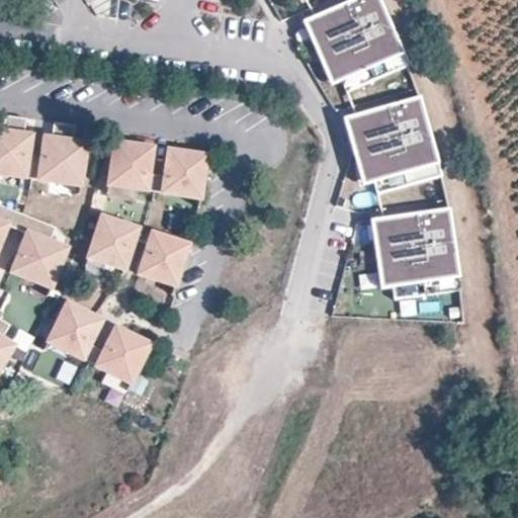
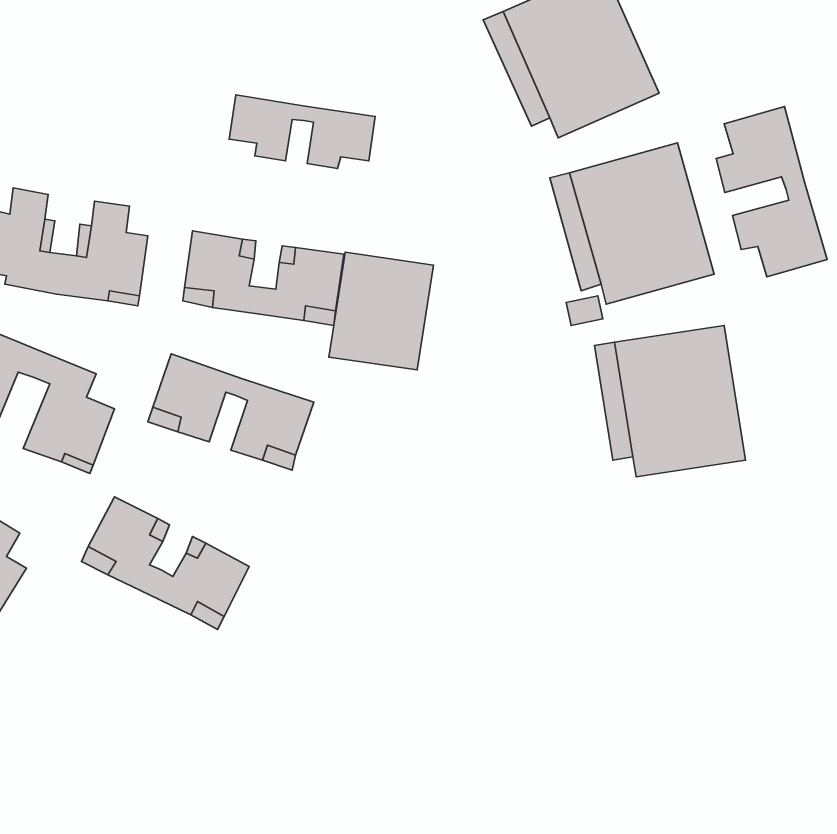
building: none -> [229,95,375,169]
building: none -> [716,107,827,277]
building: none -> [329,252,433,370]

